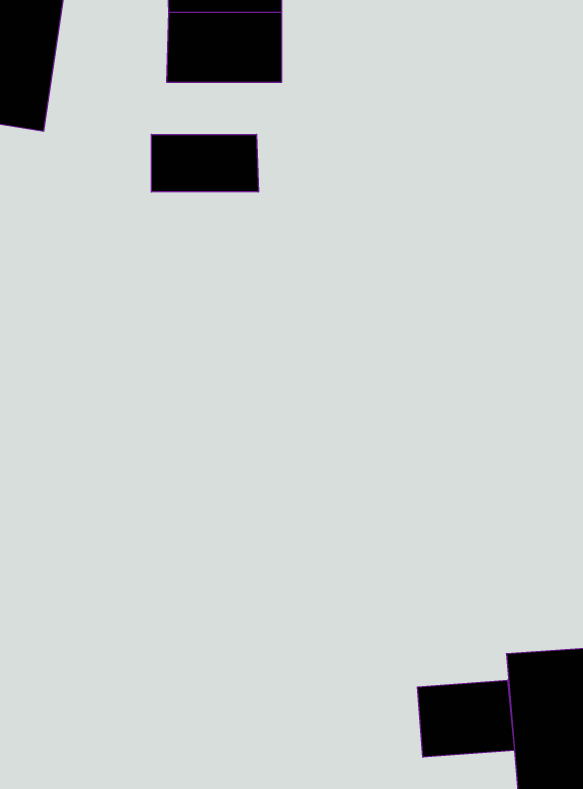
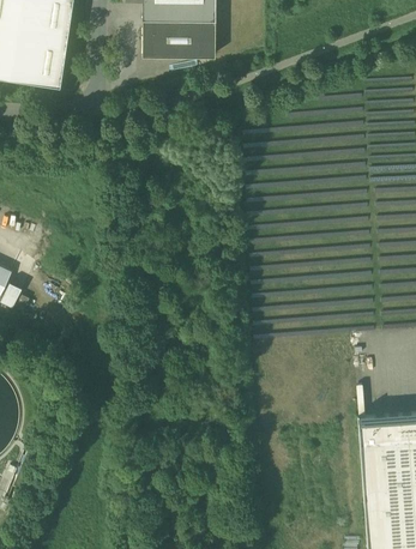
building: [151,134,258,192] -> none
building: [418,680,514,757] -> none

